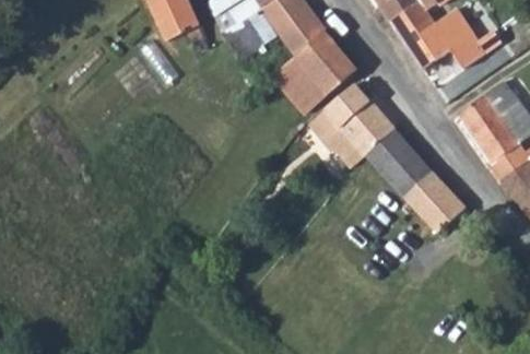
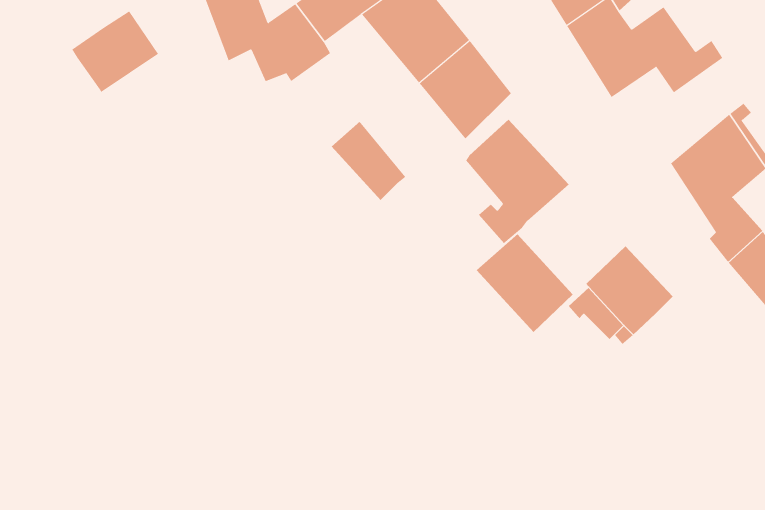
building: none -> [71,10,159,93]
building: [271,60,322,115] -> [331,121,406,201]
building: [365,129,432,197] -> [476,233,574,333]

